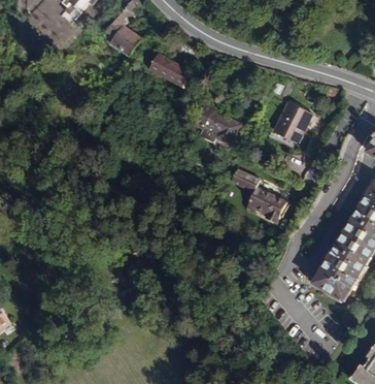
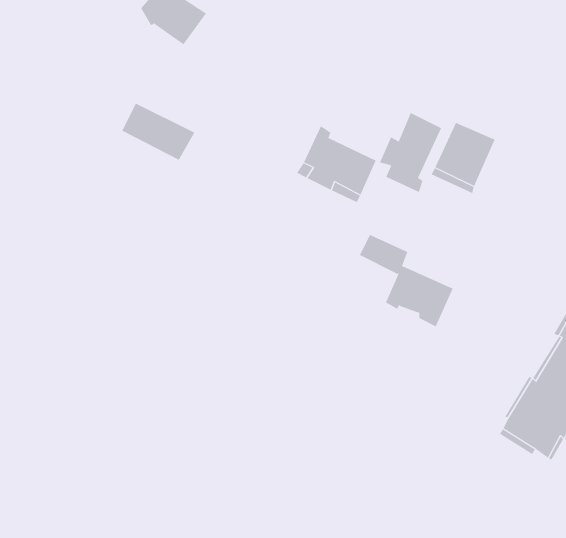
building: [149,54,193,88] -> [122,103,195,161]
building: none -> [379,112,442,193]

